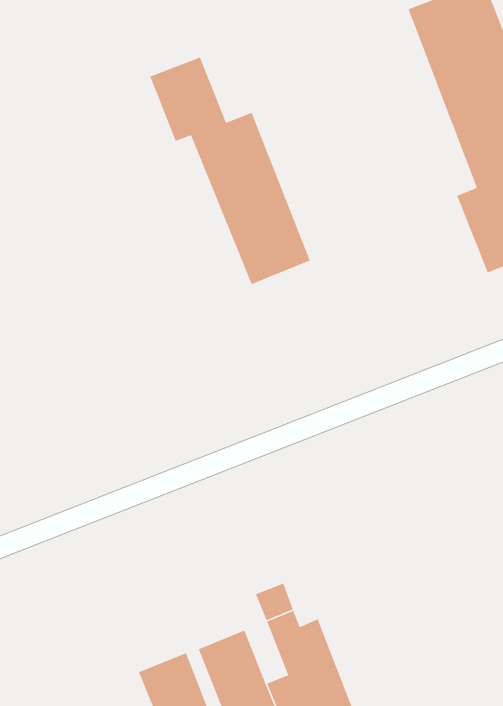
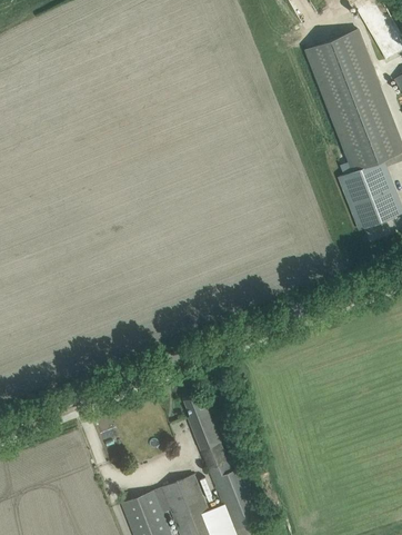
building: [149,56,311,285] -> none
building: none -> [183,395,220,450]

